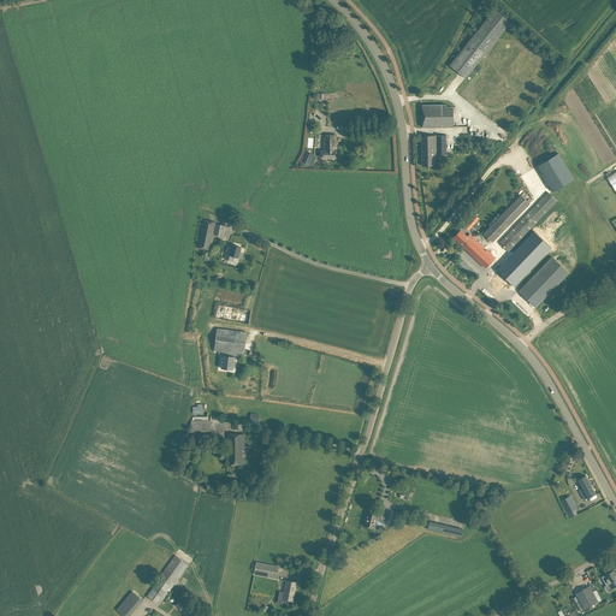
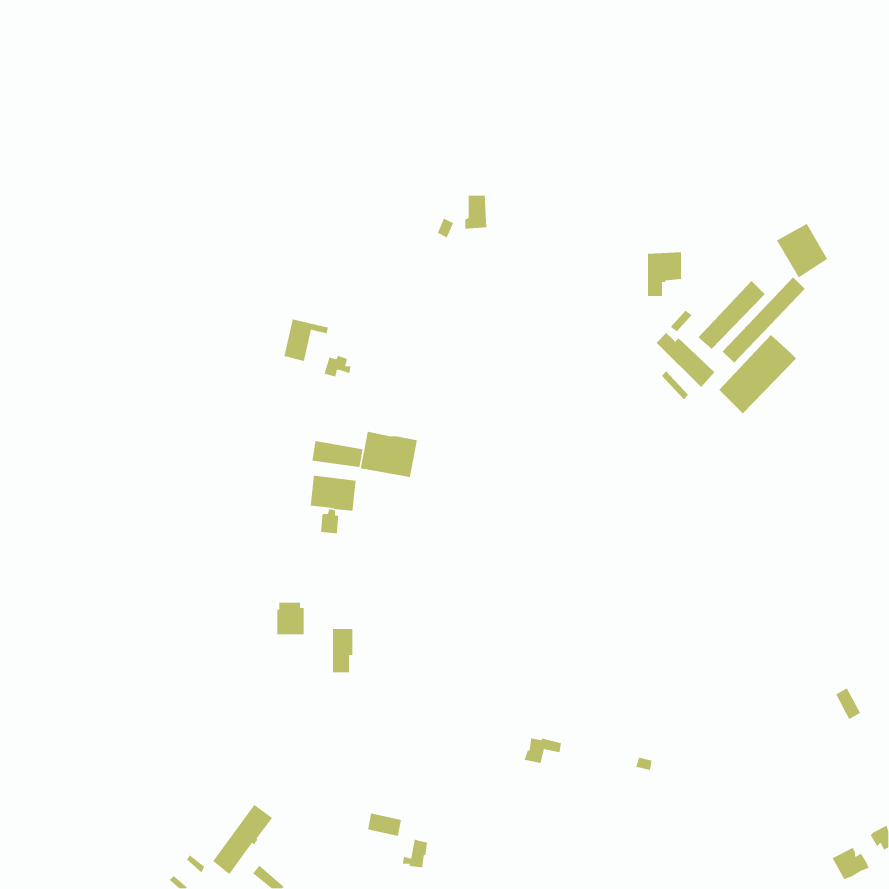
building: [449,8,510,78] -> none
building: [421,105,454,128] -> none
building: [422,135,446,166] -> [647,252,682,297]
building: [519,256,569,308] -> none
building: none -> [360,431,418,478]

